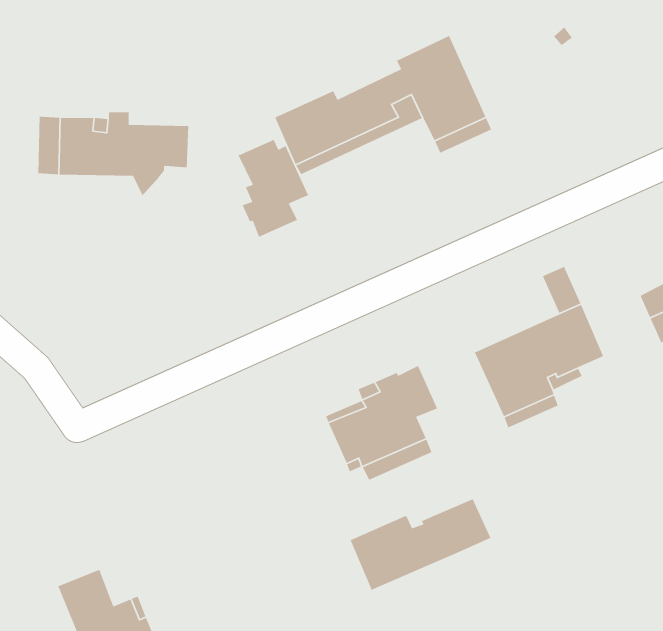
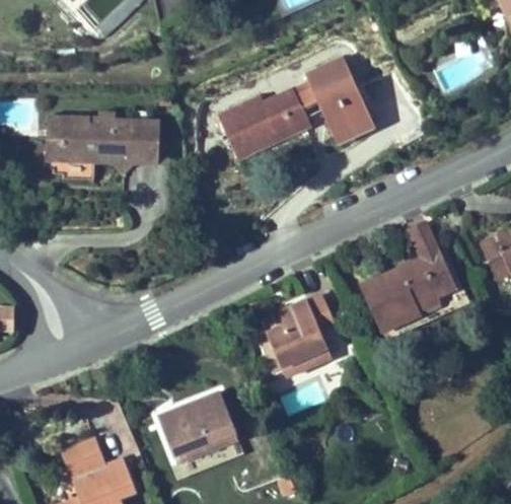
building: [237,139,309,238] -> none
building: [349,498,492,591] -> none
building: none -> [158,391,237,463]

